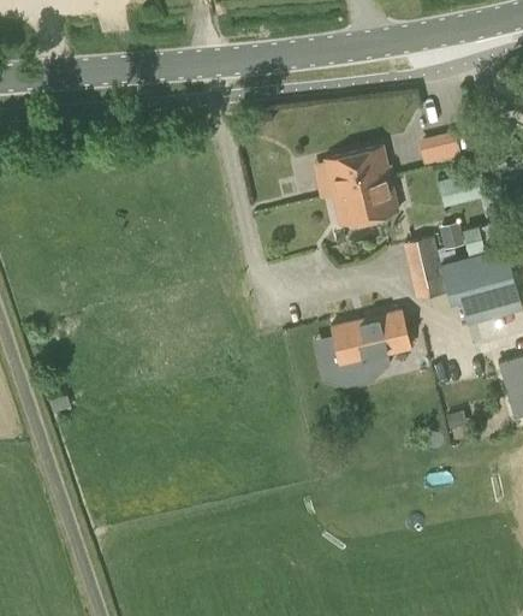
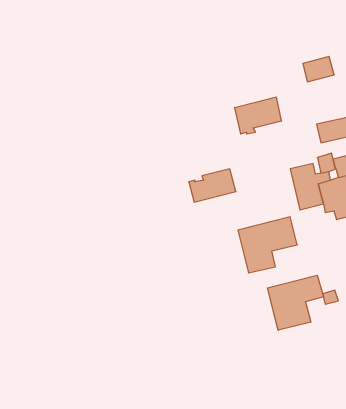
building: [417,132,460,167] -> [303,56,334,82]
building: [333,179,398,225] -> [189,169,236,202]
building: none -> [268,275,323,330]

